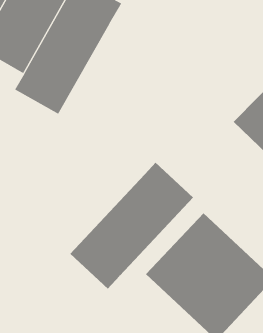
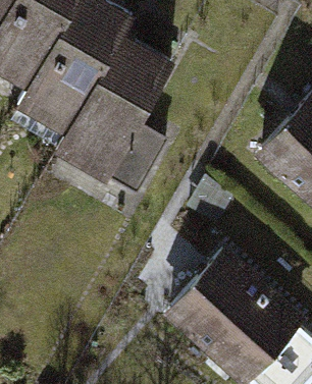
building: none -> [57,38,176,188]
building: [70,162,194,289] -> none

